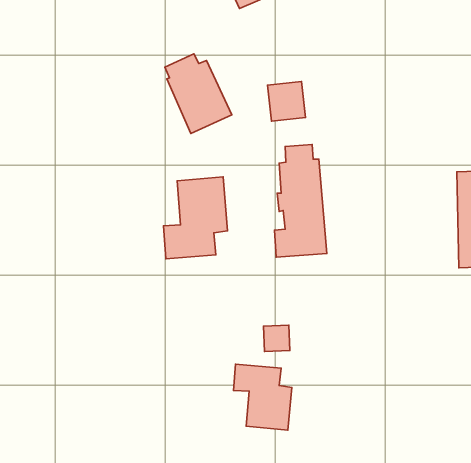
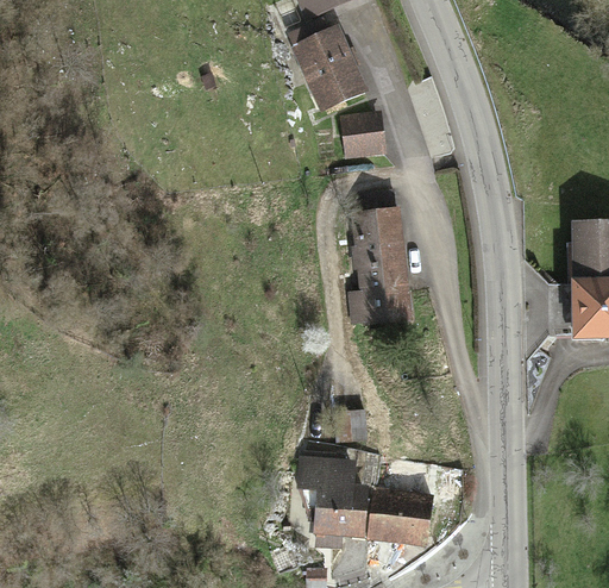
building: [165,54,232,133] -> [287,15,369,113]
building: [164,177,228,259] -> none
building: none -> [366,486,433,546]

